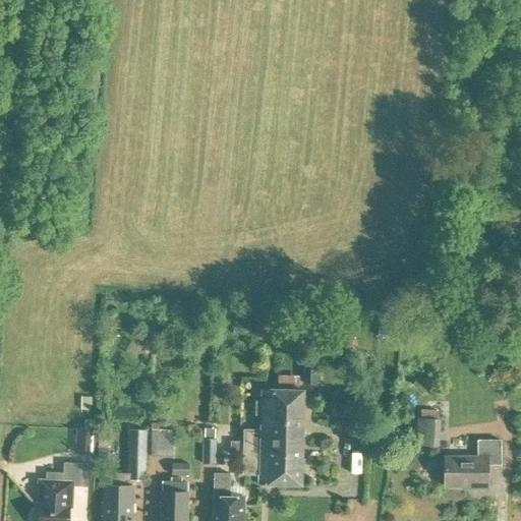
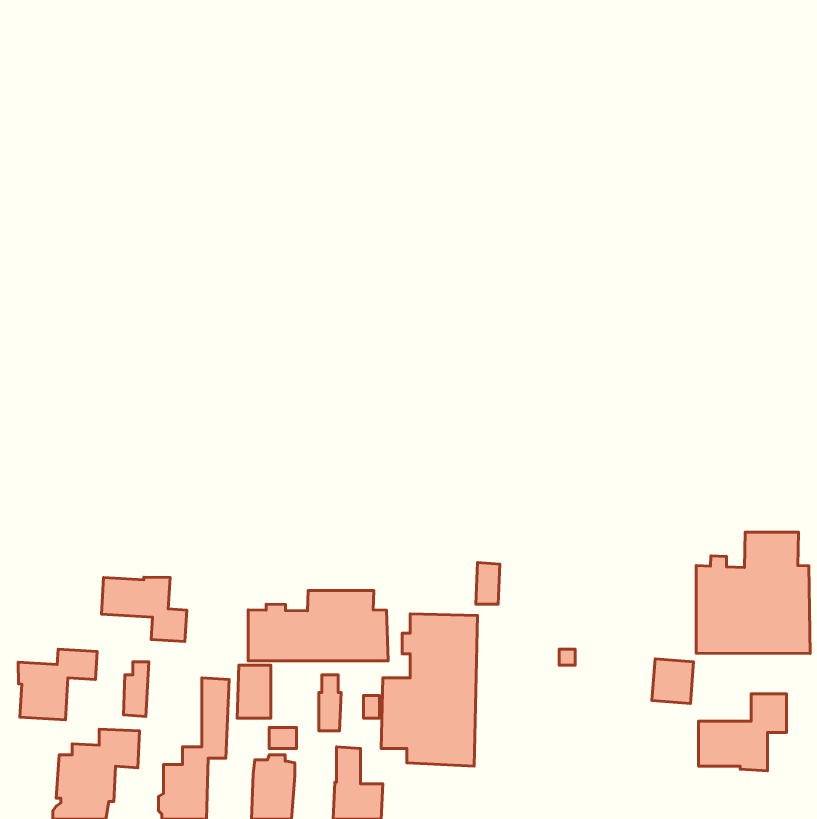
building: none -> [696,532,810,653]
building: none -> [101,577,187,641]
building: none -> [248,590,388,661]
building: none -> [18,649,97,720]

